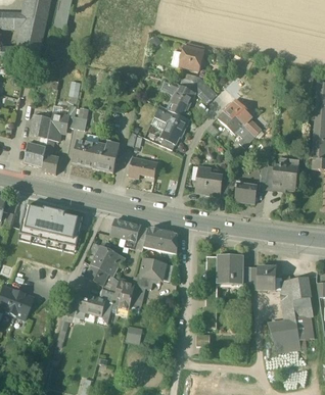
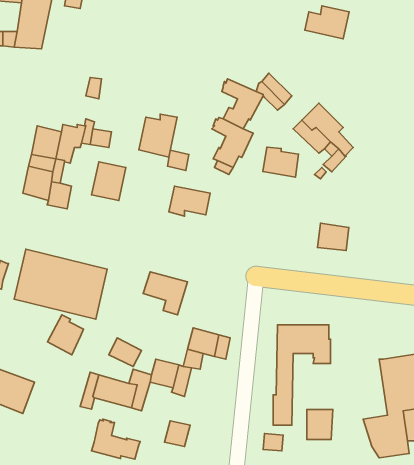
building: [171,46,202,69] -> [305,6,349,39]
building: [92,142,120,172] -> [139,114,177,157]
building: [271,164,297,191] -> none
building: [195,174,221,195] -> [263,147,298,177]
building: [144,228,177,254] -> none
building: [91,246,117,275] -> [48,315,83,355]
building: [257,267,275,289] -> [307,409,333,439]
building: none -> [91,419,140,459]

